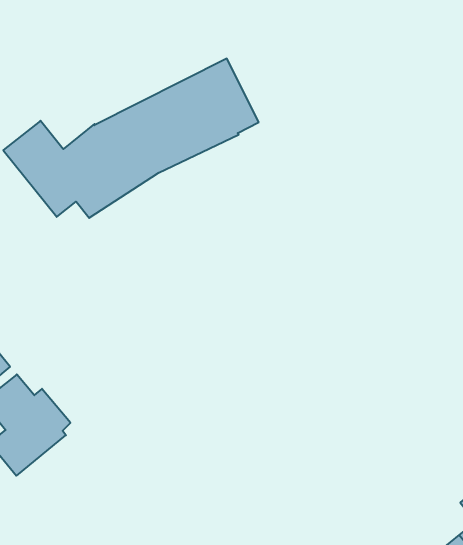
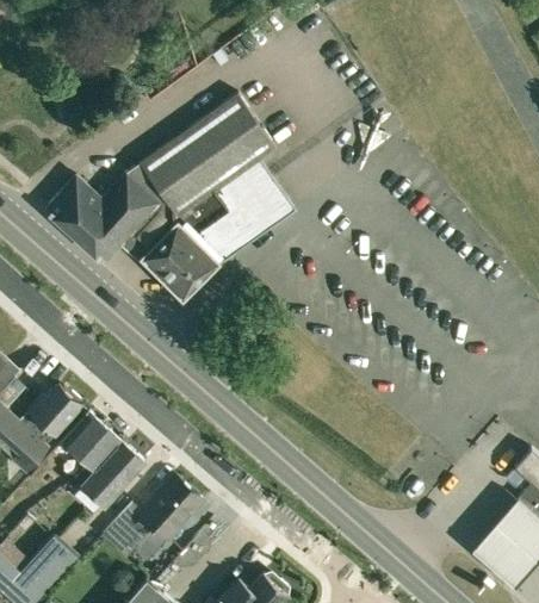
building: none -> [135,163,293,302]
building: none -> [104,477,204,559]

